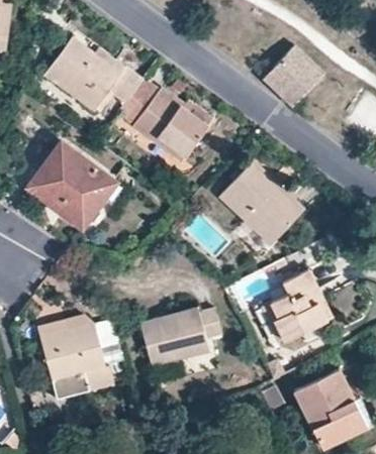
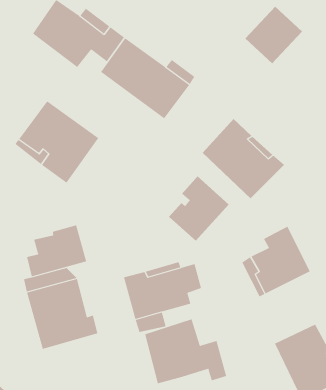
building: none -> [168,175,230,241]
building: none -> [26,224,87,277]
building: none -> [144,319,227,384]

